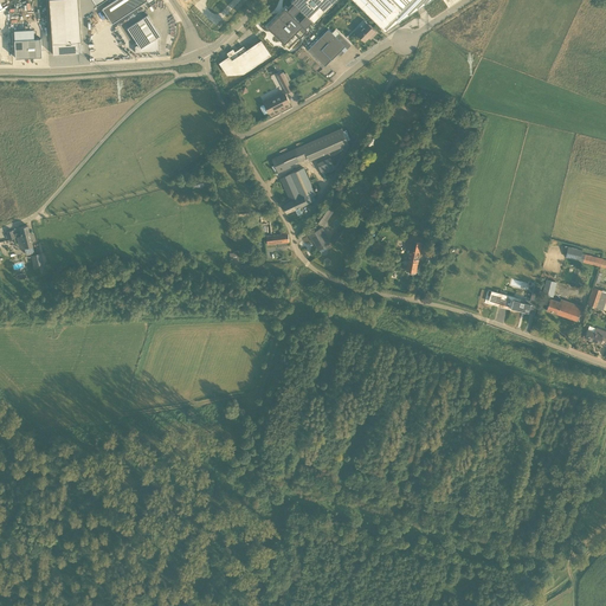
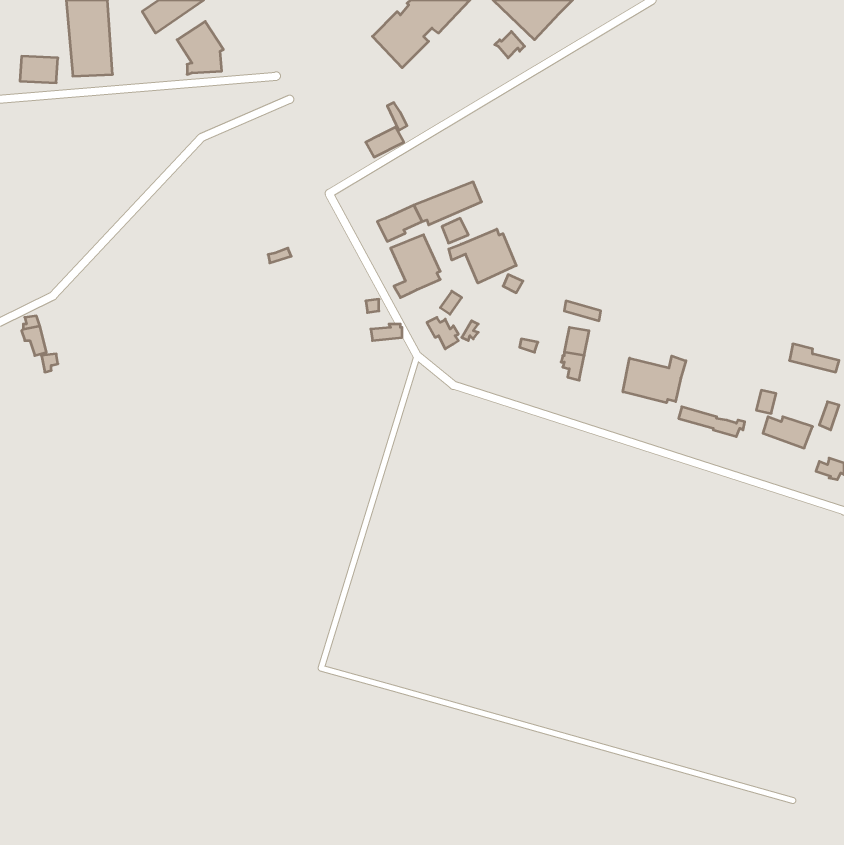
building: [307,28,350,66] -> none
building: [218,40,270,75] -> none
building: none -> [449,229,516,283]
building: none -> [623,356,686,403]

